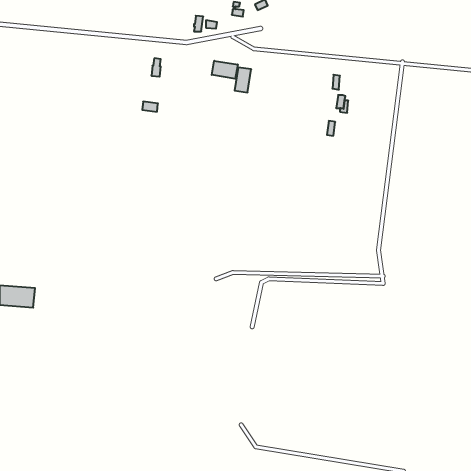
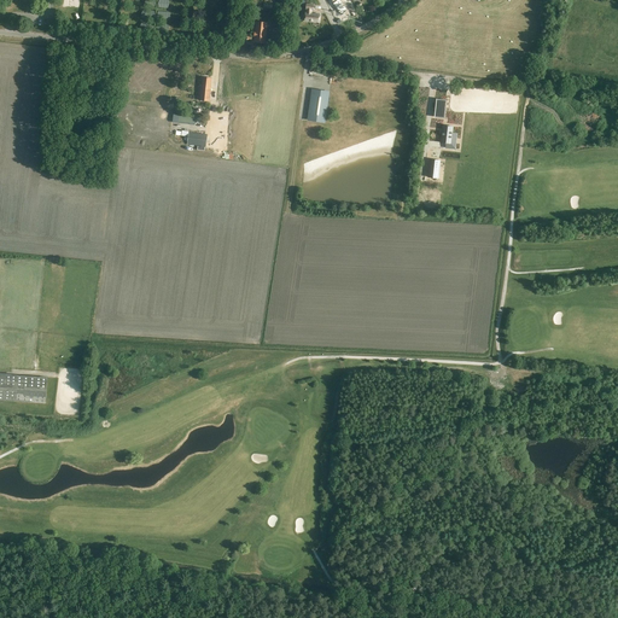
building: [212,61,238,79] -> none

